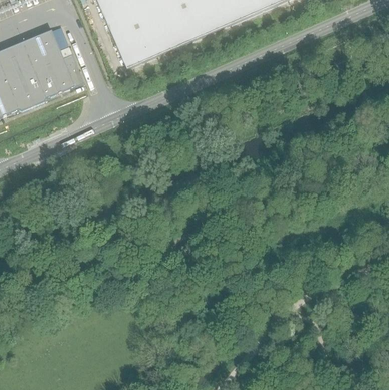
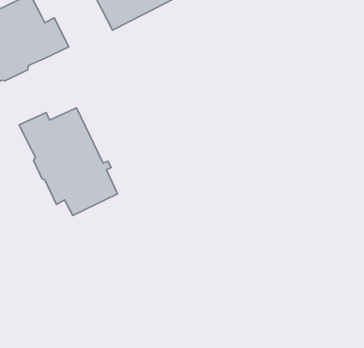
building: none -> [19,108,117,215]

